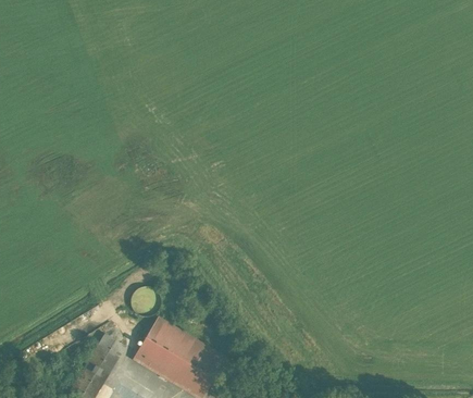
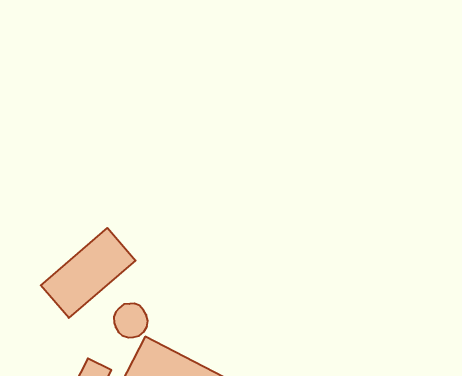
building: none -> [41,228,136,318]

